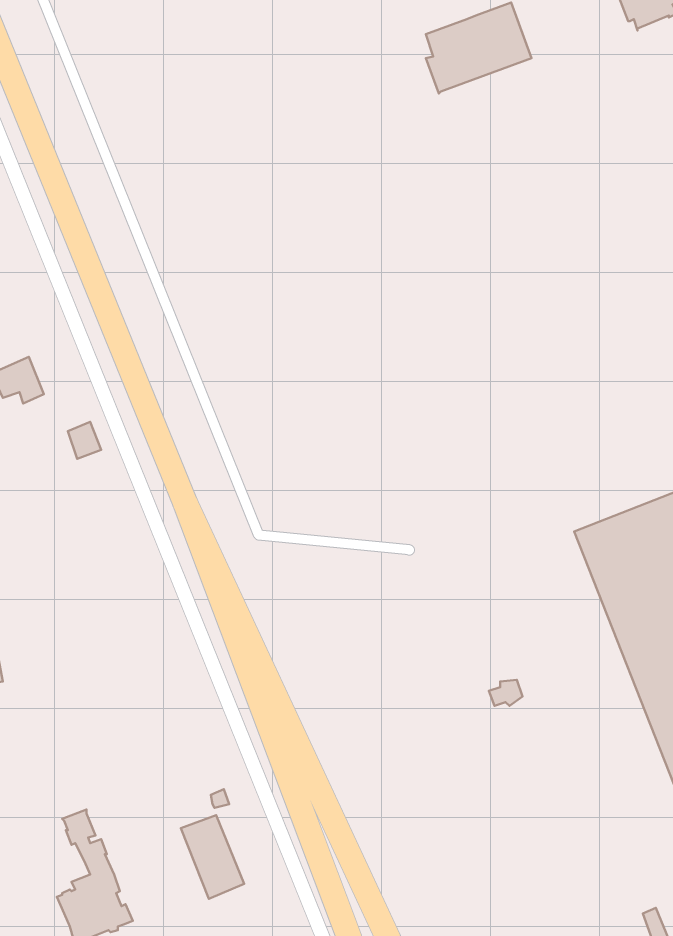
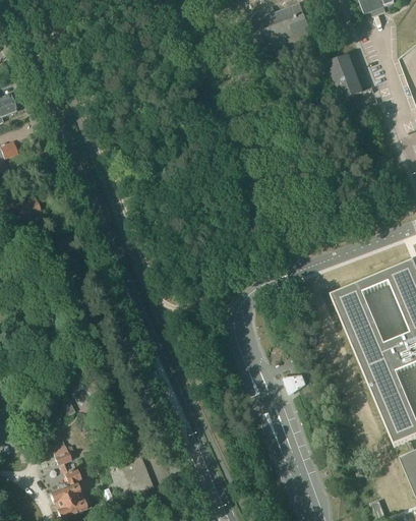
building: none -> [325,54,361,98]

